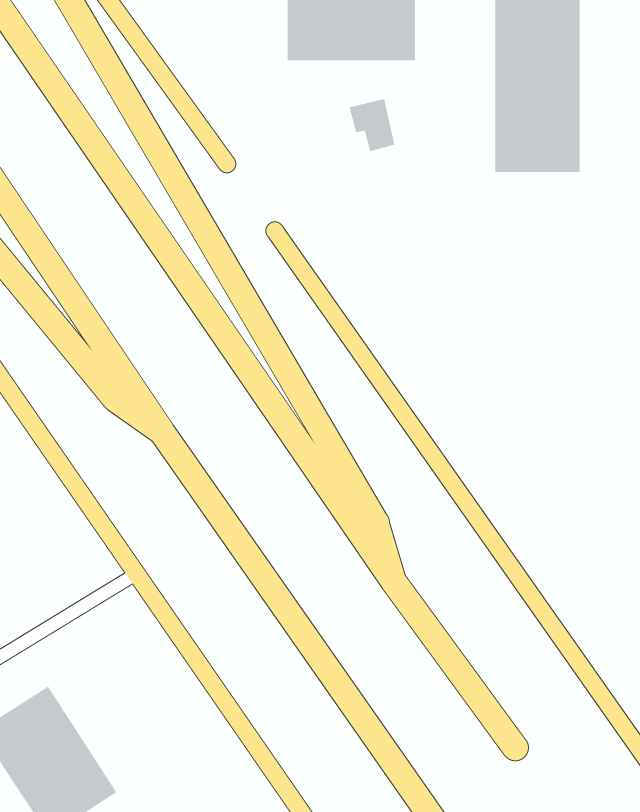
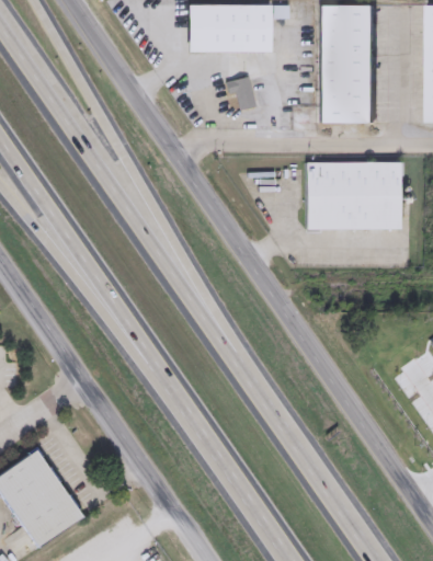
building: none -> [306,162,400,229]

